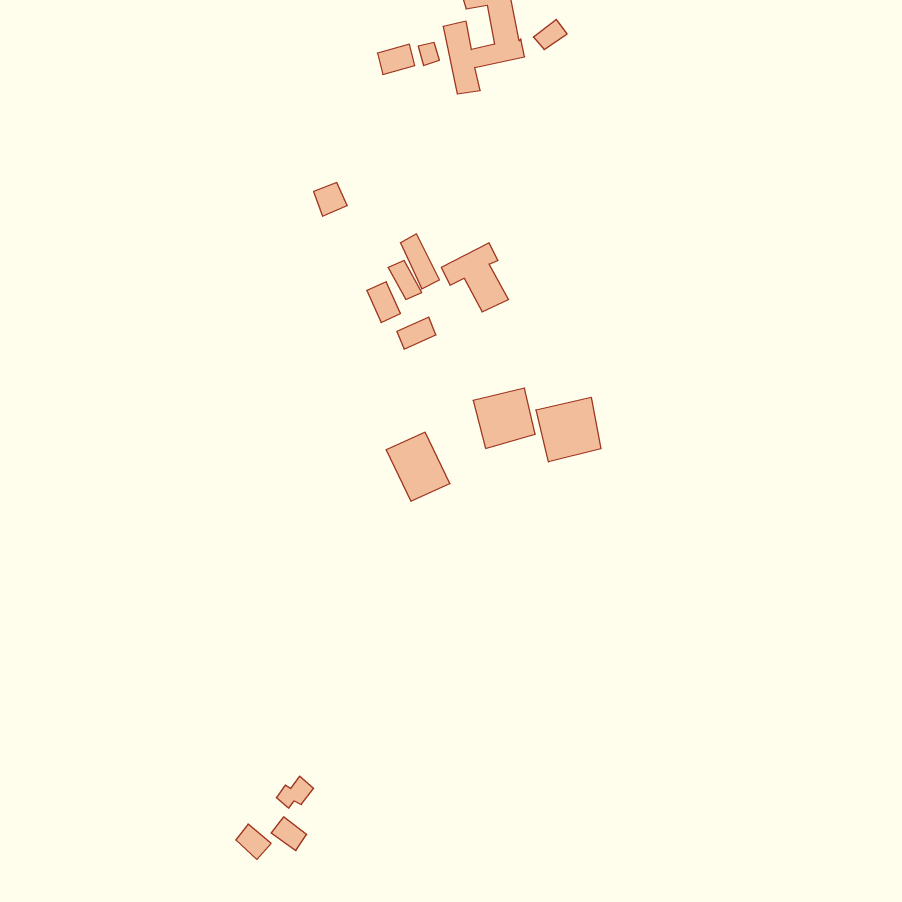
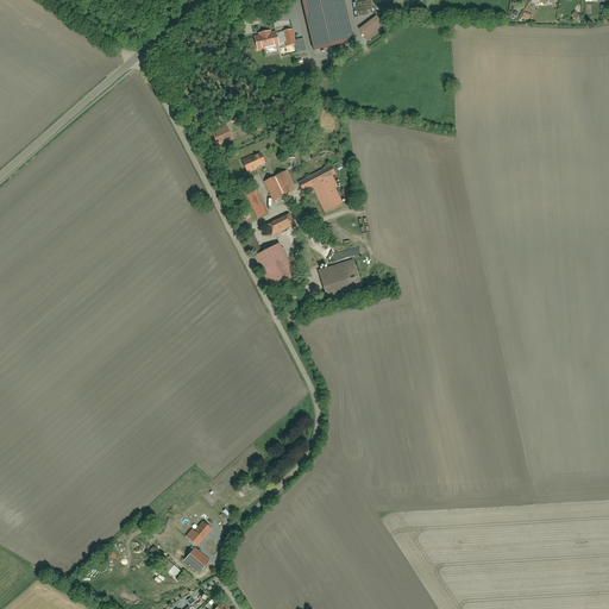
building: [536,397,601,462] -> none
building: [386,432,450,501] -> [253,241,296,288]

